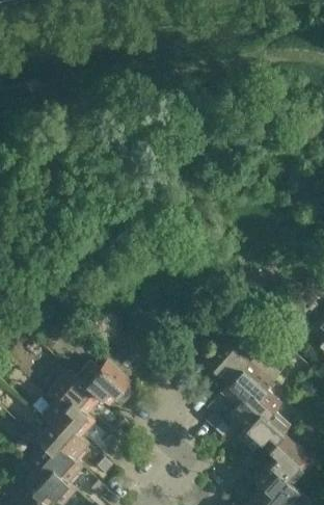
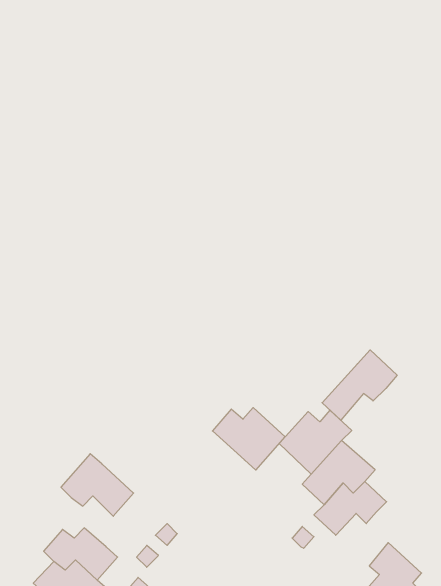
building: none -> [322,350,397,420]
building: [78,363,130,407] -> [212,408,285,470]
building: [43,402,95,438] -> none
building: [238,414,290,453] -> none

